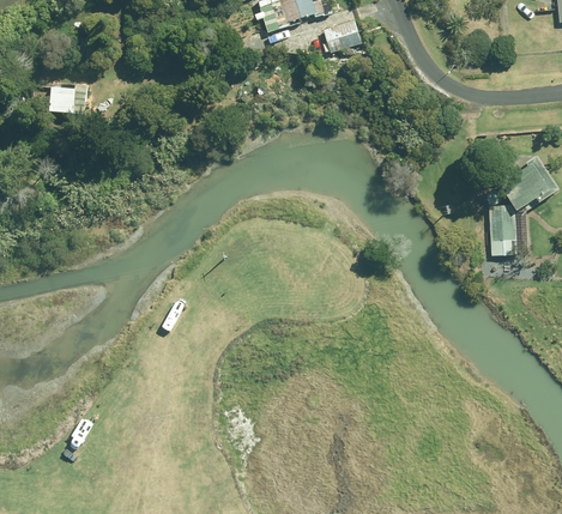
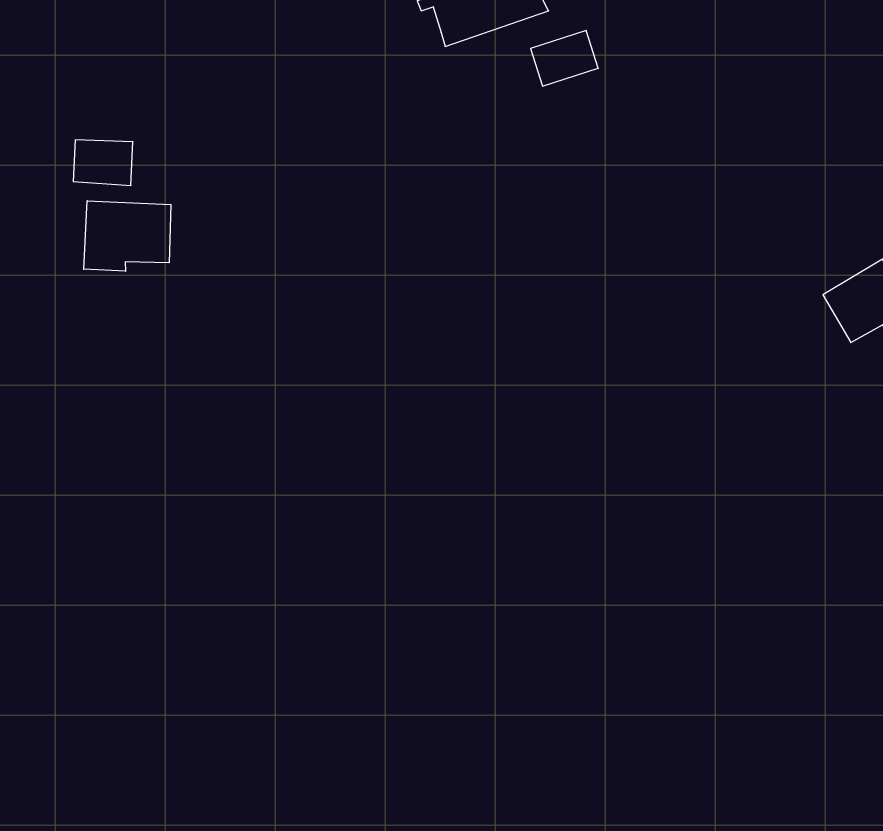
building: none -> [84,201,171,271]
building: [489,204,510,250] -> none

